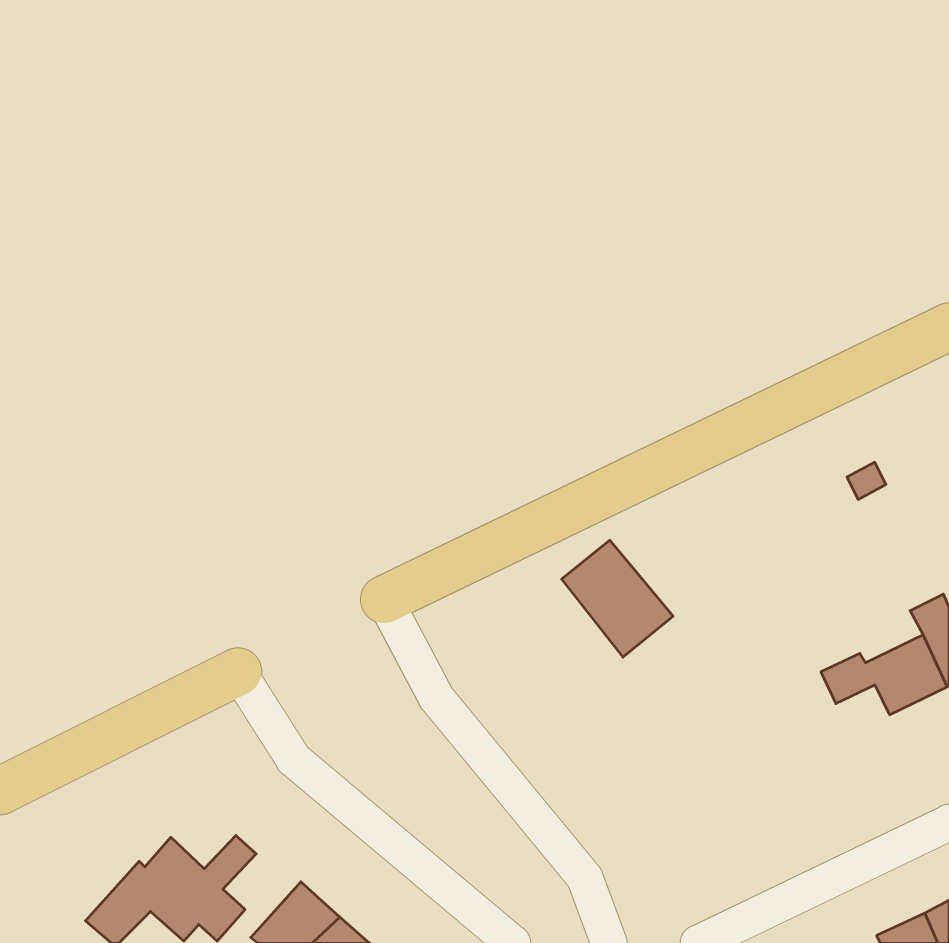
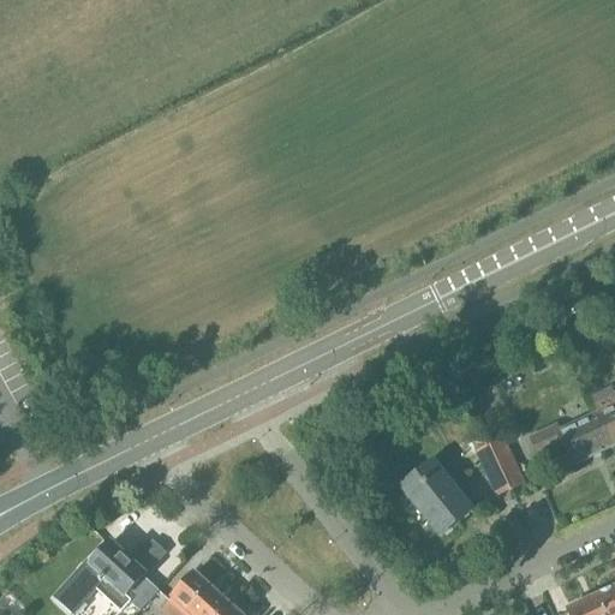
building: [562,540,673,657] -> [401,459,473,535]
building: none -> [473,437,524,496]

